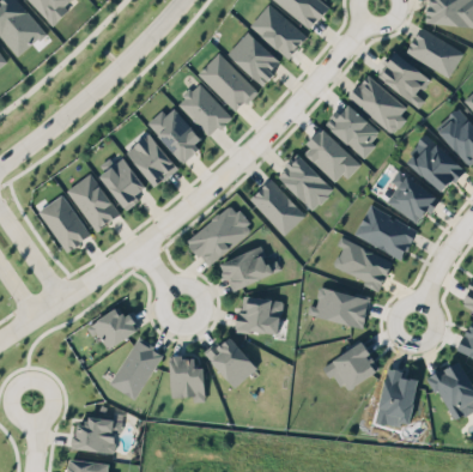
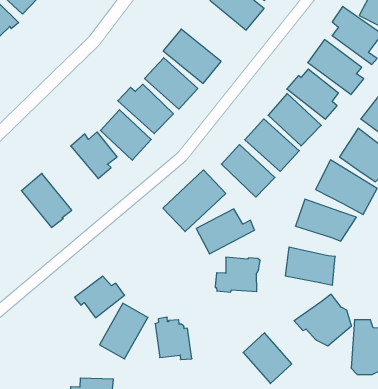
building: [228,31,280,86] -> none
building: [66,170,117,228] -> none
building: [207,334,257,388] -> [243,333,292,384]

